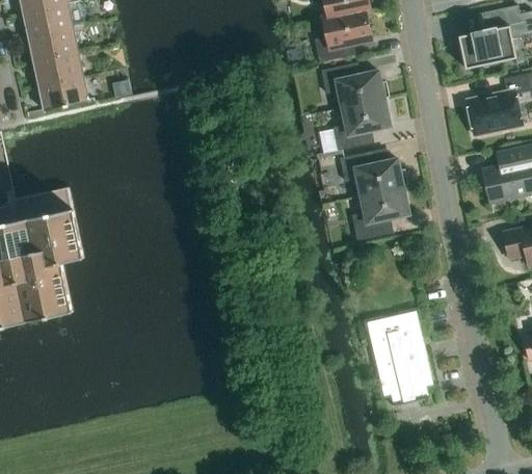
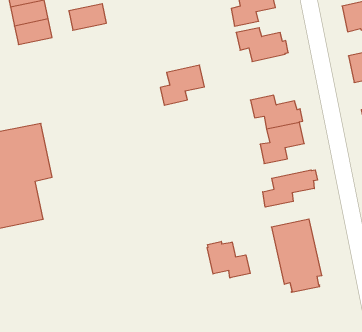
building: [39,77,88,111] -> [69,4,106,30]
building: [334,99,391,151] -> [160,65,204,105]
building: none -> [263,170,317,207]
building: none -> [207,241,250,278]

